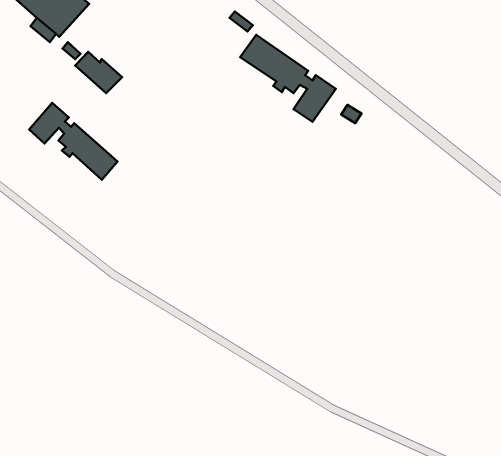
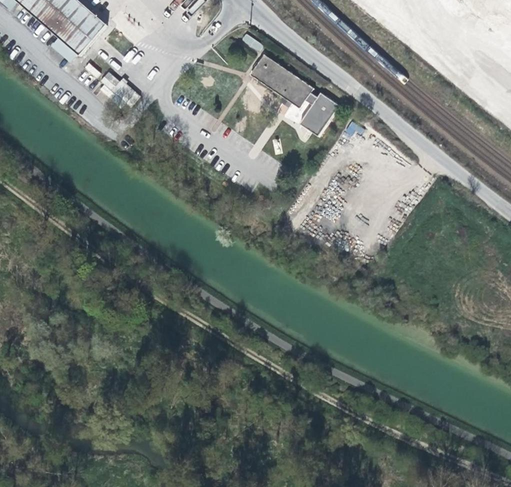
building: [29,103,117,180] -> none

